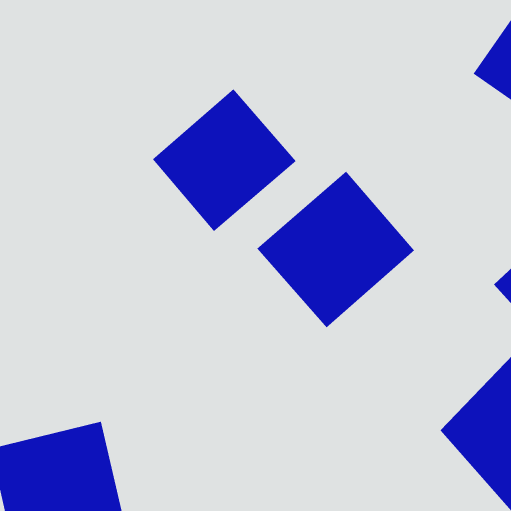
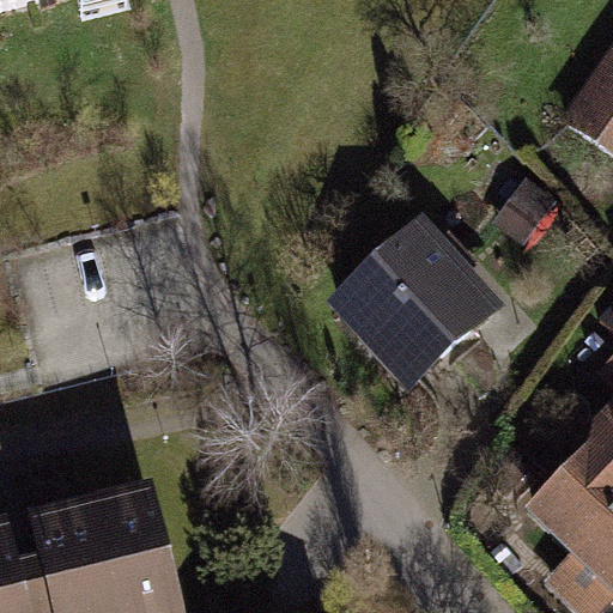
building: [152,88,297,232] -> none

